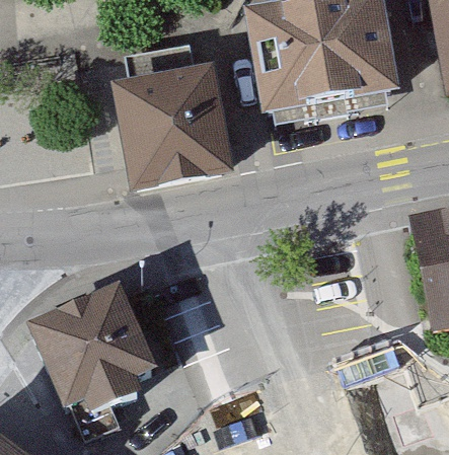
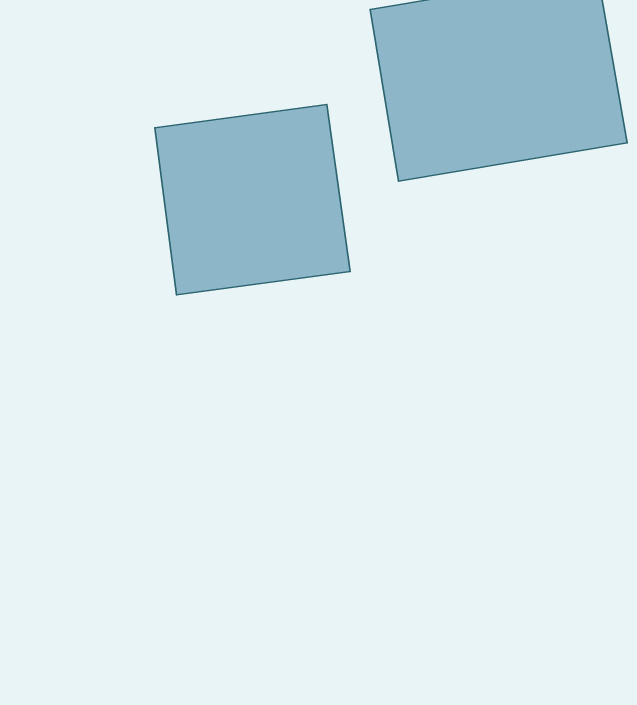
building: [30,284,160,410] -> none

